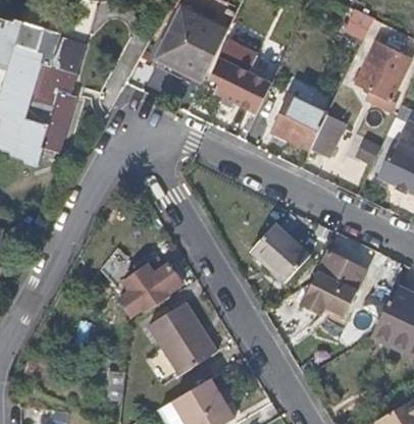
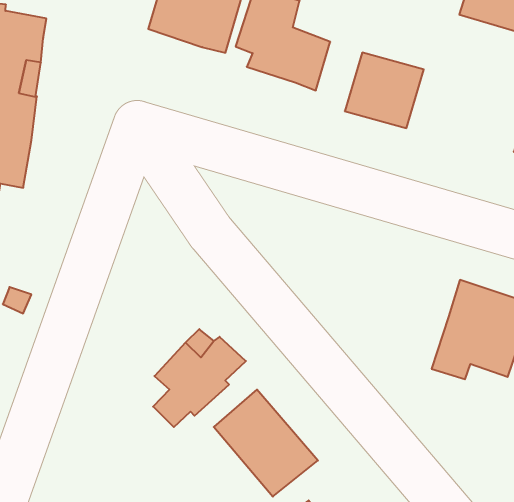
building: [310,113,346,158] -> none
building: [253,225,310,284] -> none

